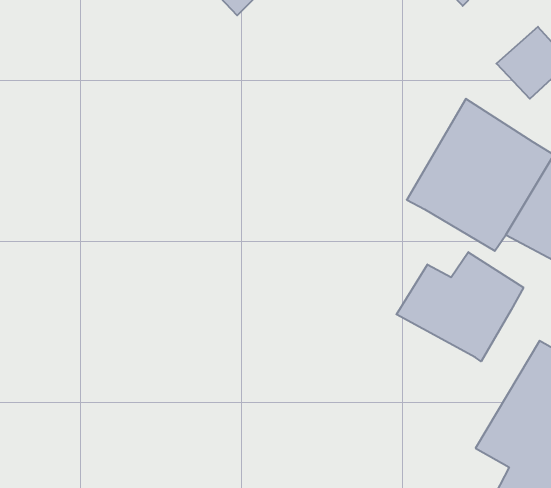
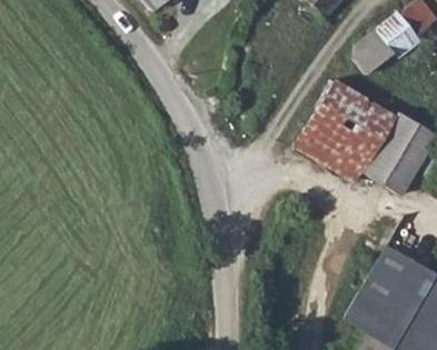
building: [396,252,523,361] -> none

